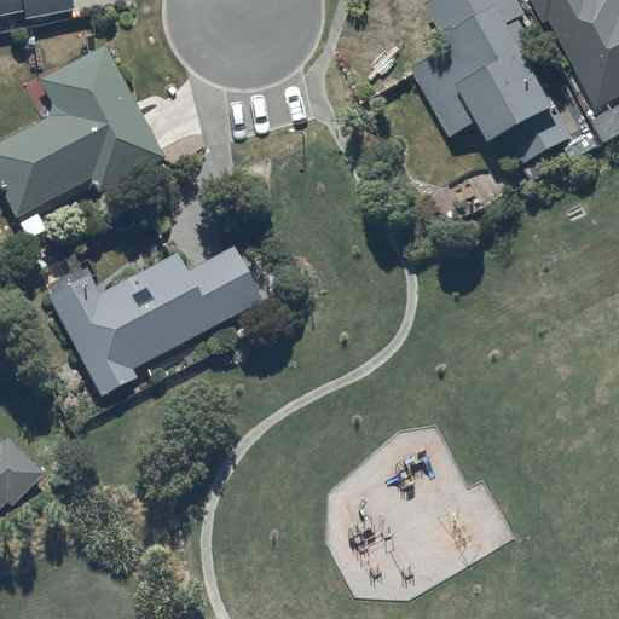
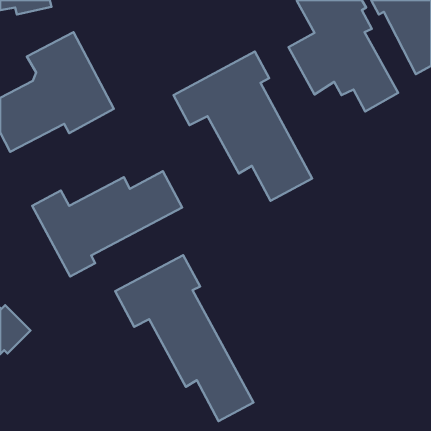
building: none -> [173,52,312,201]
building: none -> [115,255,253,421]

